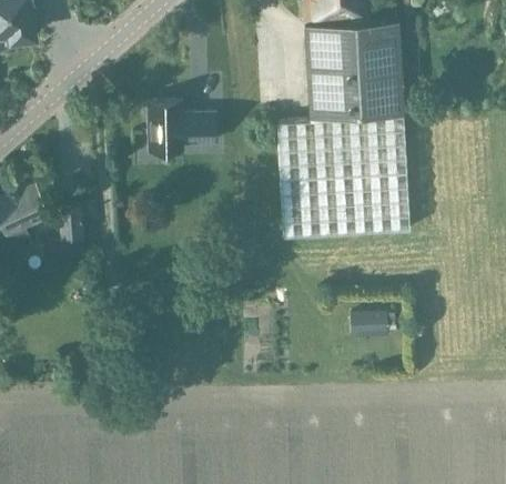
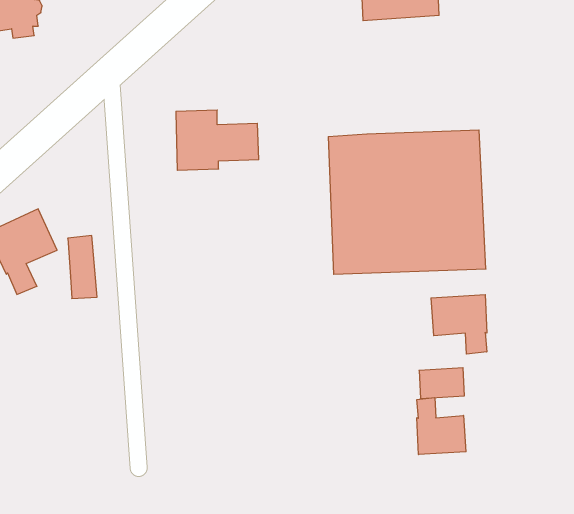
building: [305,19,402,120] -> none
building: none -> [431,295,487,354]
building: none -> [417,398,466,455]

